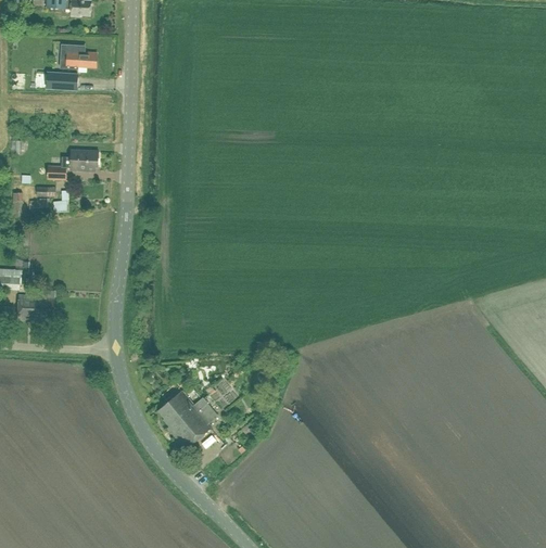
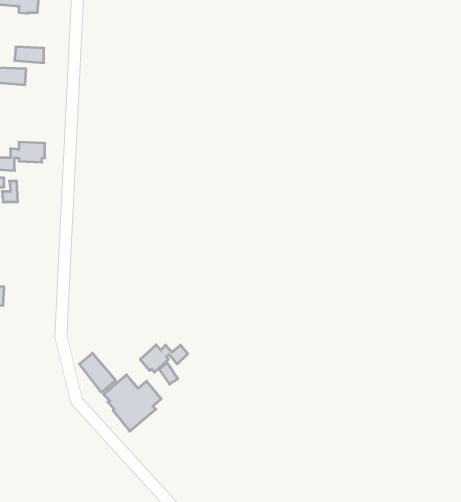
building: none -> [140,345,188,372]
building: none -> [79,353,116,392]

